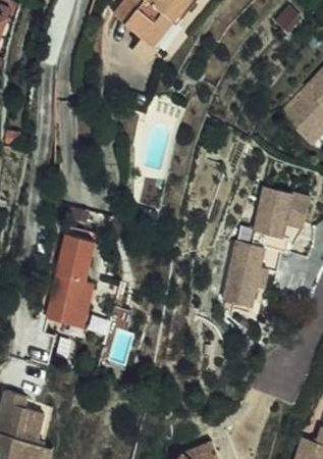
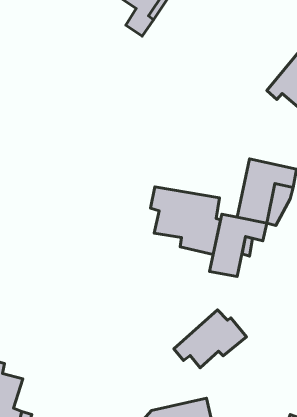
building: none -> [150,187,221,254]
building: [48,236,95,328] -> none
building: none -> [174,310,246,368]

